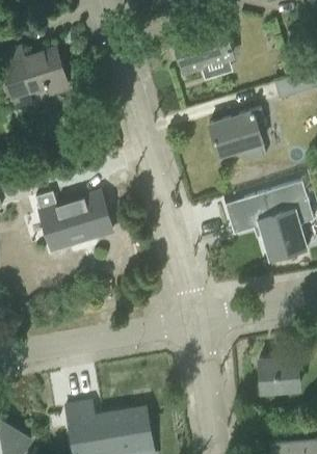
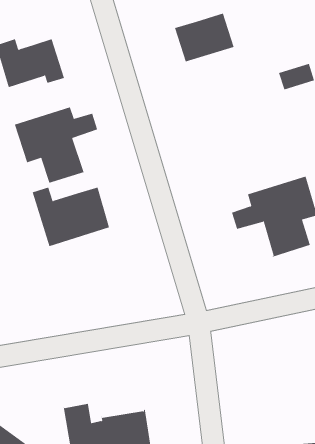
building: [209,109,266,161] -> none
building: none -> [14,107,98,184]
building: [259,348,299,391] -> none

